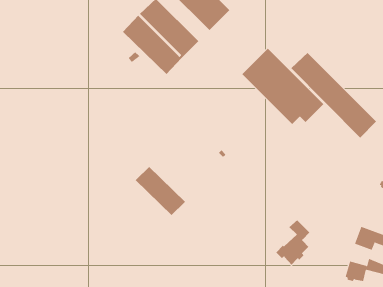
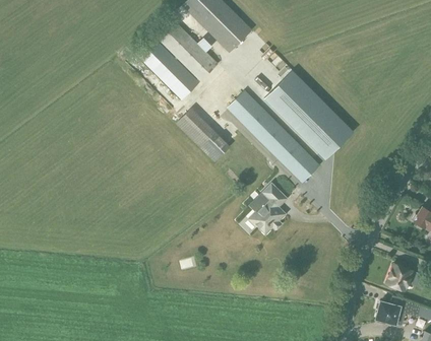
building: [291,52,377,139] -> [227,90,320,184]
building: [135,166,186,216] -> [176,109,231,162]
building: [275,220,310,266] -> [249,185,287,234]

